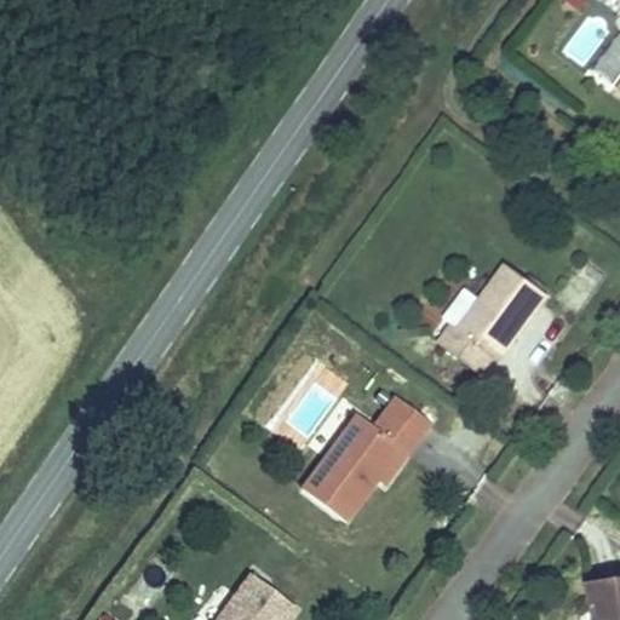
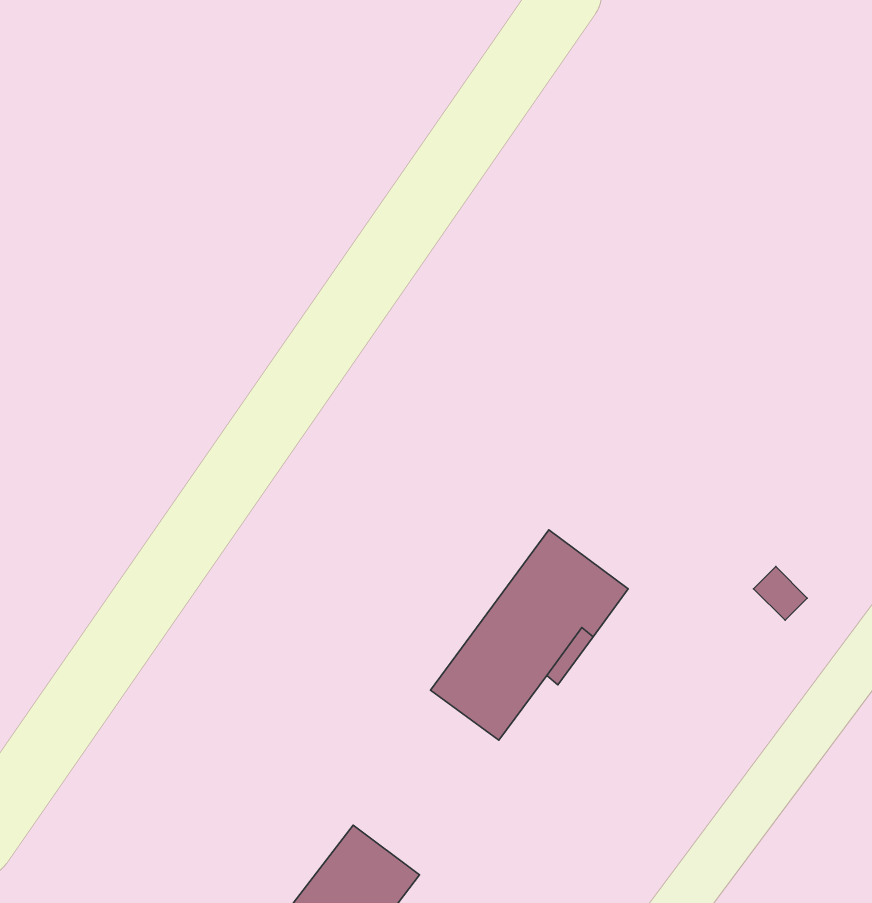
building: [443,251,551,360] -> none

